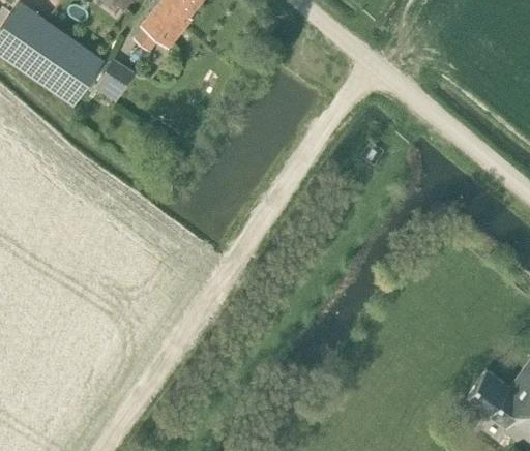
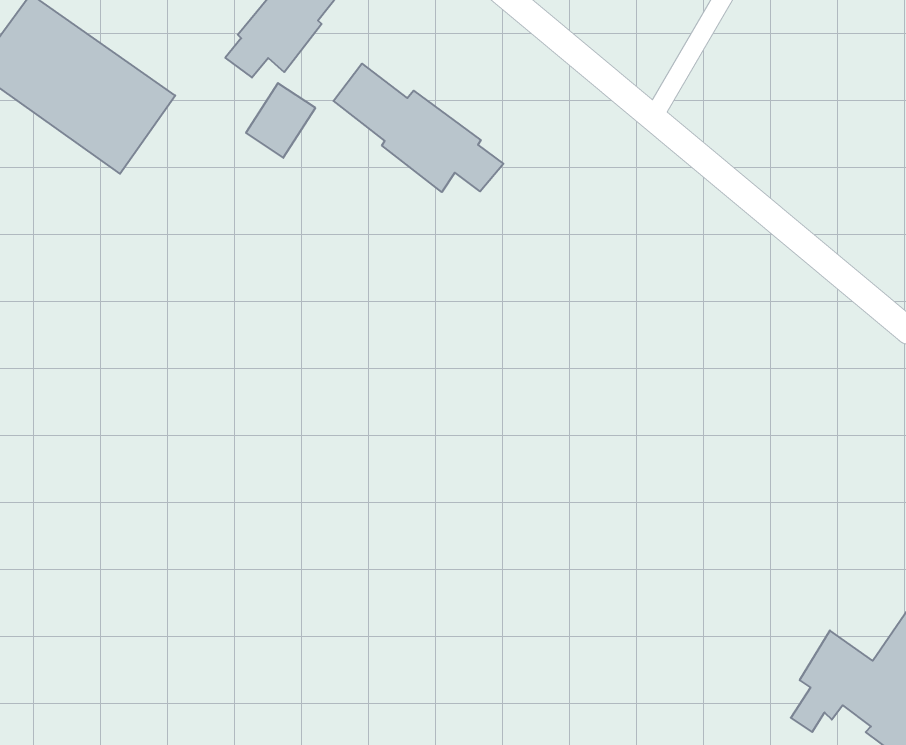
building: none -> [333,64,503,192]
building: [94,60,135,103] -> [246,83,315,158]

